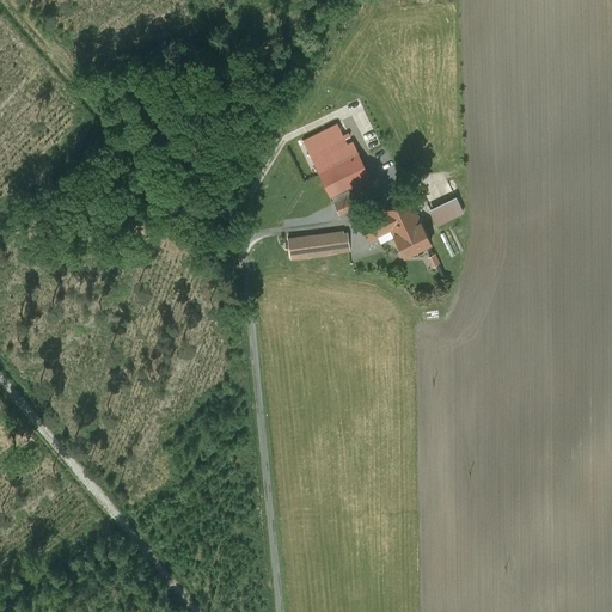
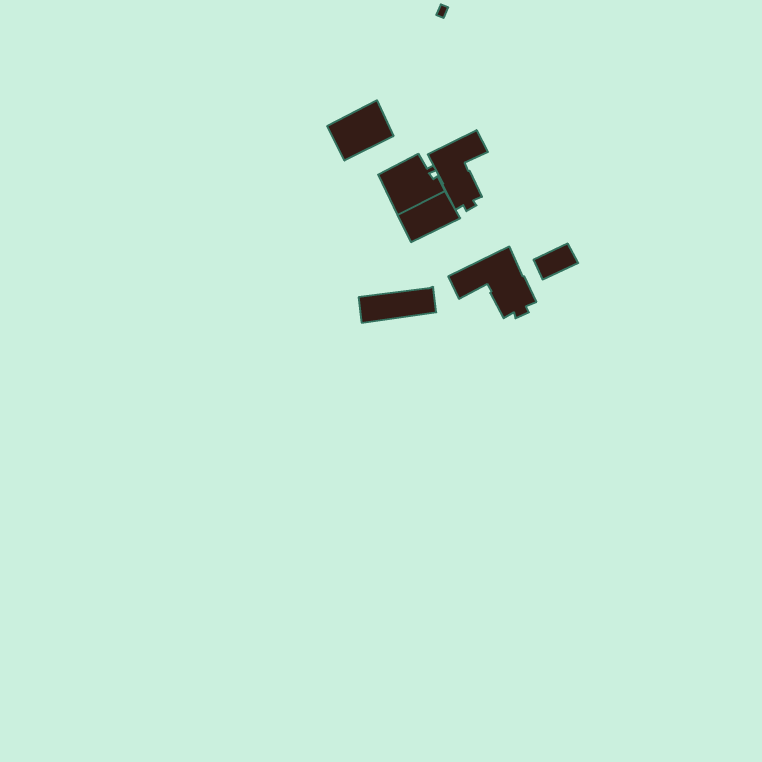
building: none -> [327,100,393,161]
building: none -> [428,130,488,211]

